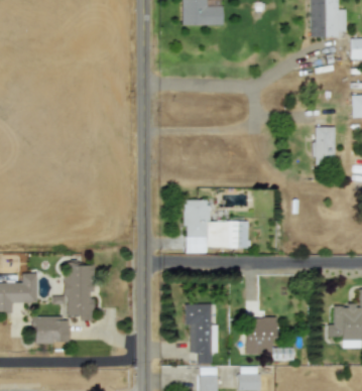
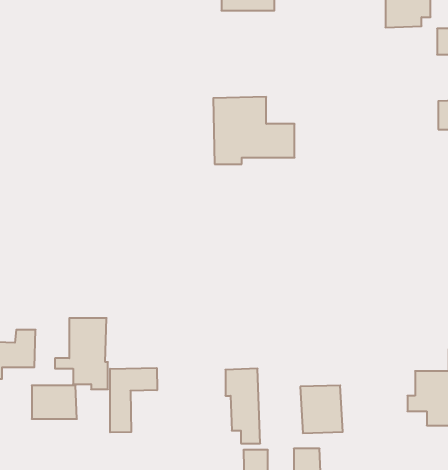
building: [314,126,335,164] -> none
building: [185,200,248,252] -> [213,97,295,164]
building: none -> [110,368,157,432]

